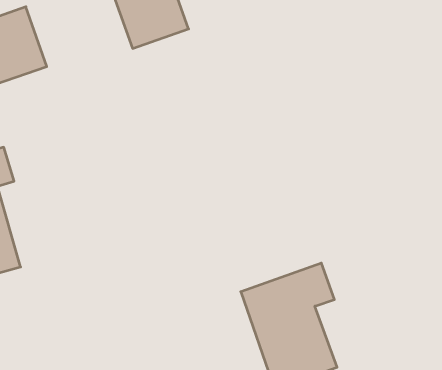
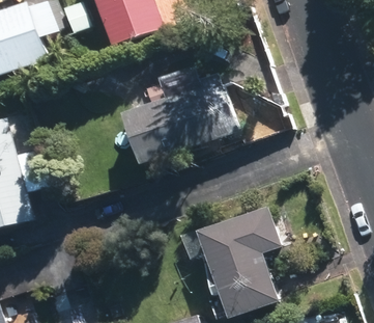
building: none -> [125,82,232,159]

